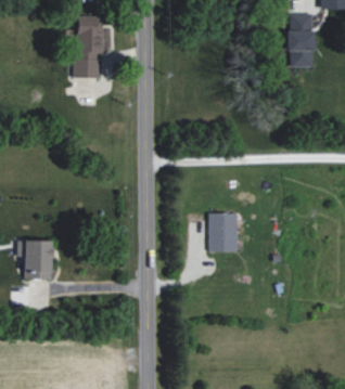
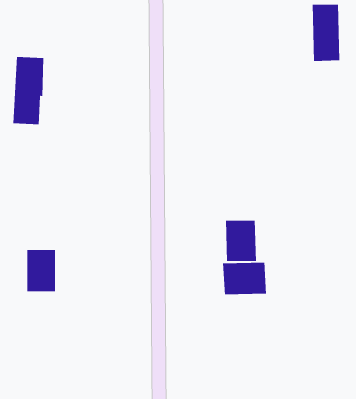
building: [74,16,103,79] -> [13,57,44,125]
building: none -> [223,262,267,295]

